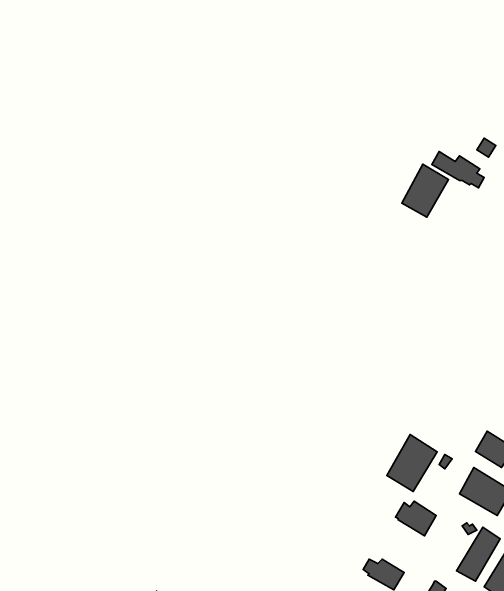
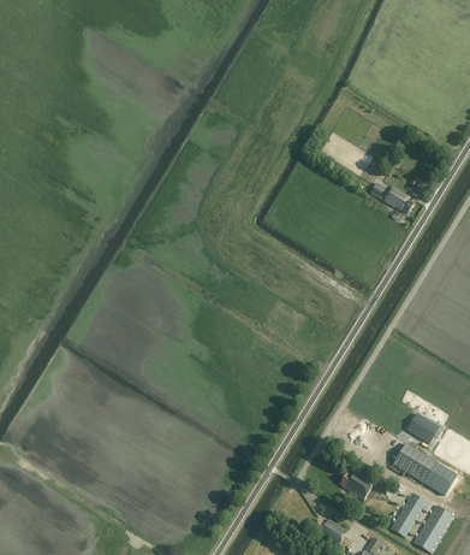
building: [402,164,449,217] -> none
building: [387,435,437,491] -> none

